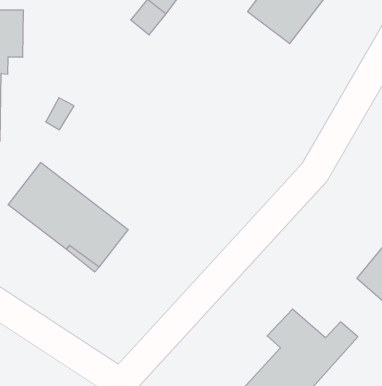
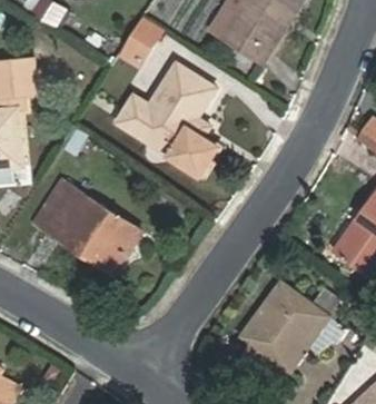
building: none -> [118,65,218,174]

